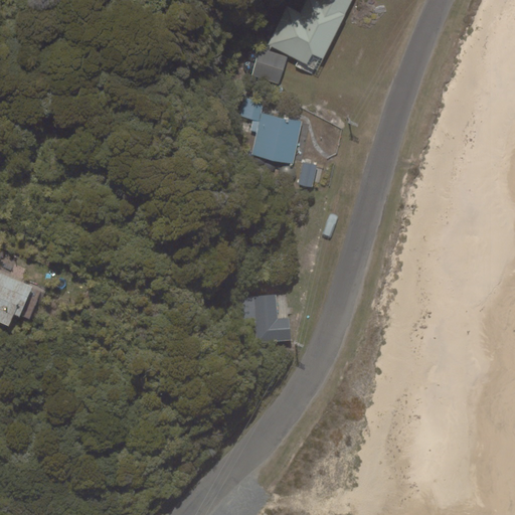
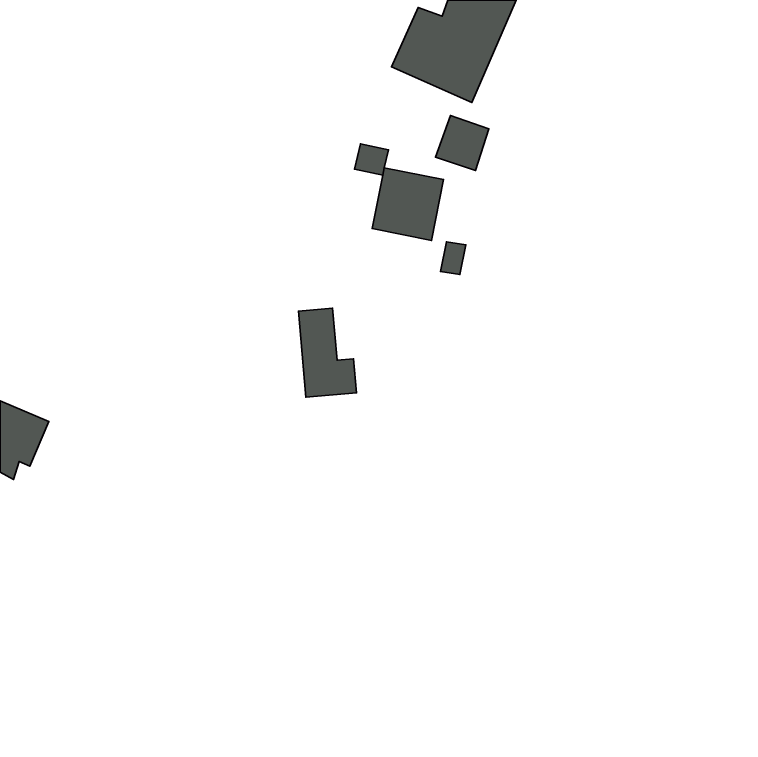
building: [251,48,288,85] -> [436,115,489,170]
building: [251,284,291,344] -> [299,308,356,397]

